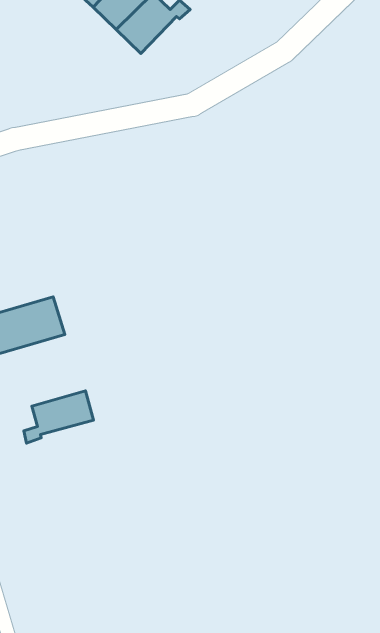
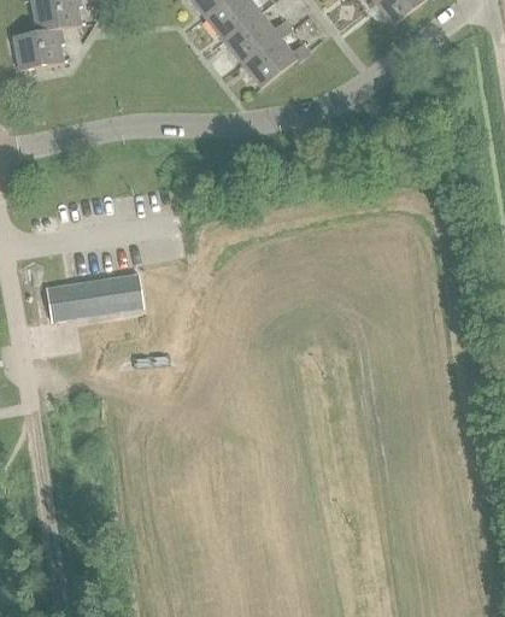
building: none -> [240,35,307,87]
building: [24,391,93,443] -> none

